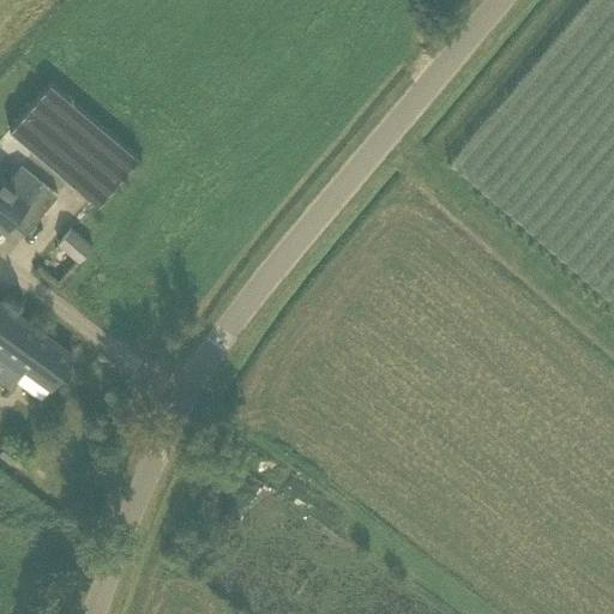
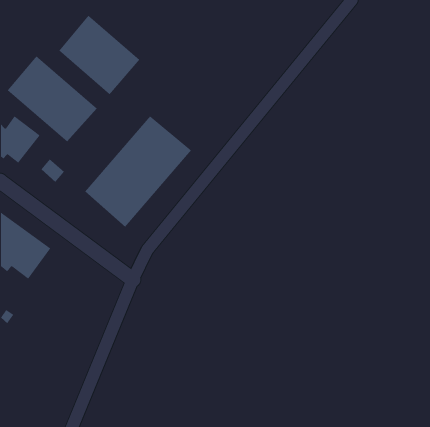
building: none -> [58,15,140,95]
building: none -> [84,116,192,227]

